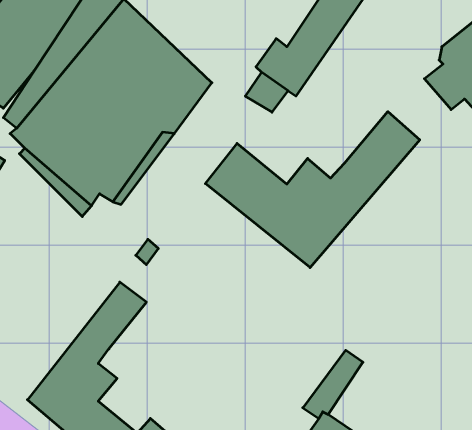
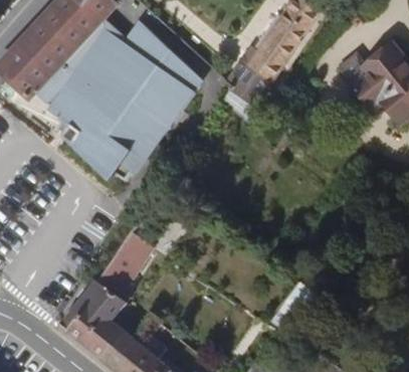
building: [205,112,420,268] -> none

